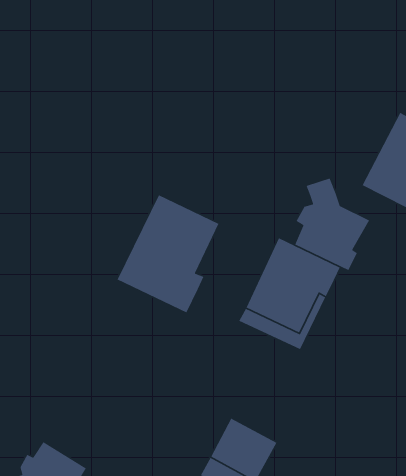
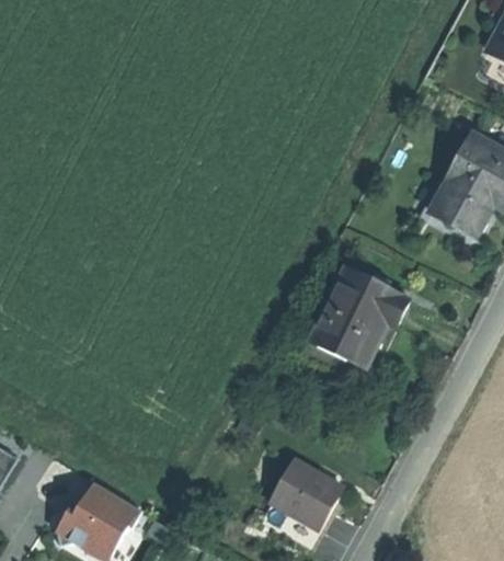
building: [294,178,370,271] -> none
building: [117,194,219,313] -> none

